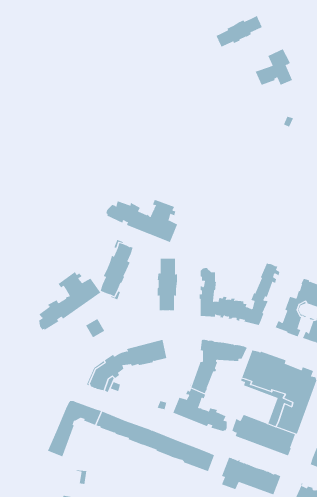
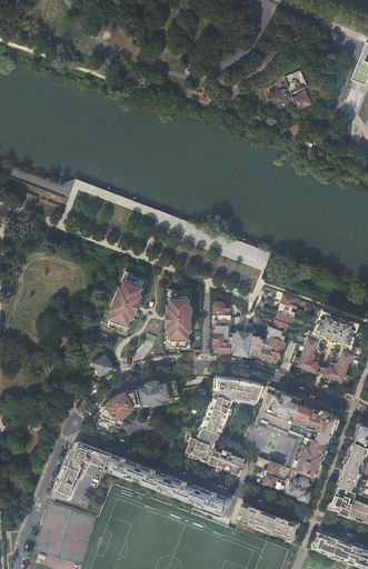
building: [216,15,263,48] -> none
building: [105,199,178,243] -> none
building: [38,271,101,331] -> none

